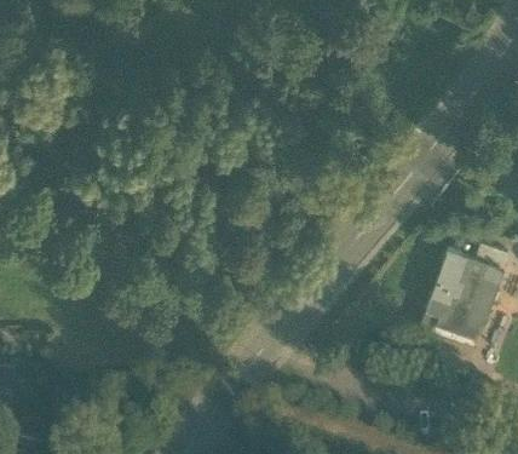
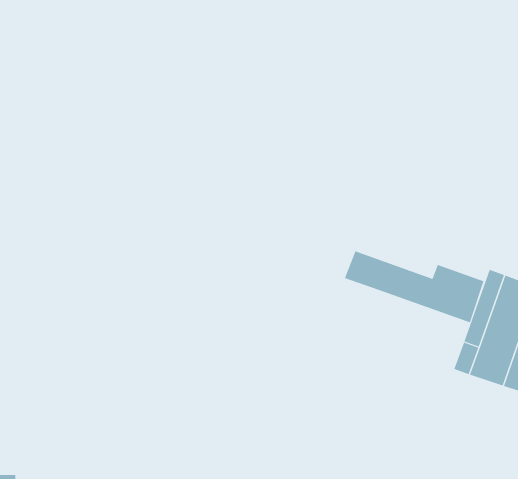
building: none -> [344,250,484,323]

